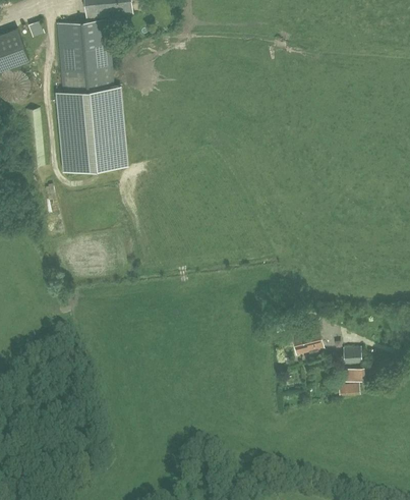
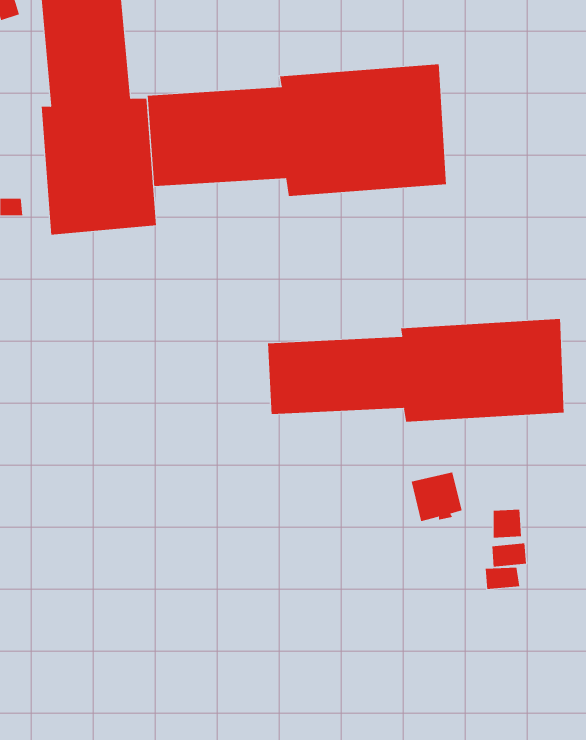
building: none -> [147,63,446,197]
building: none -> [267,318,564,423]

